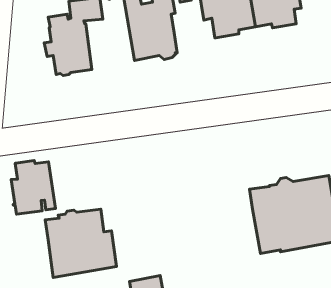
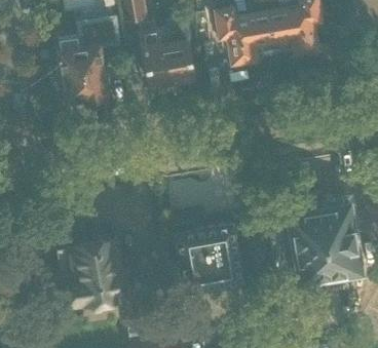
building: [11,161,55,214] -> none
building: none -> [172,226,240,291]

